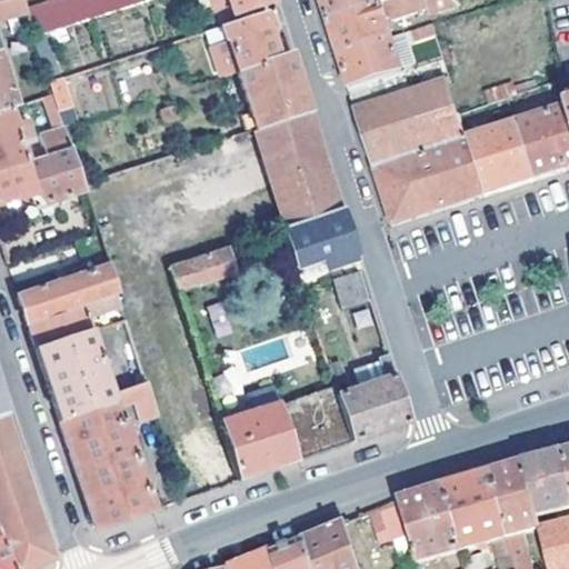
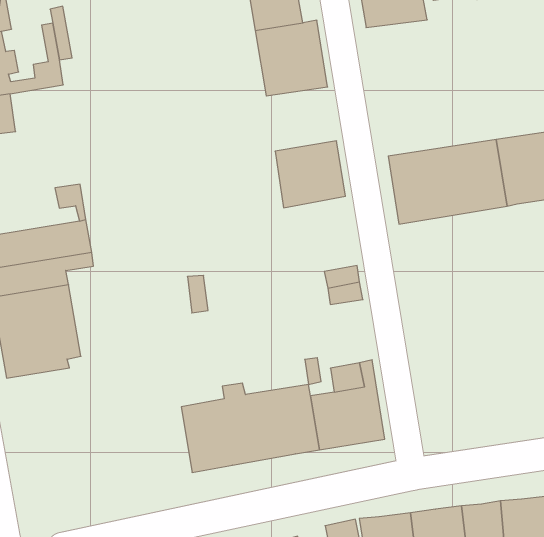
building: [337,34,402,87] -> none
building: [355,73,470,163] -> none
building: [256,109,326,174] -> none
building: [23,143,84,200] -> none
building: [284,206,358,266] -> none
building: [169,243,238,288] -> none
building: [59,379,158,525] -> none

